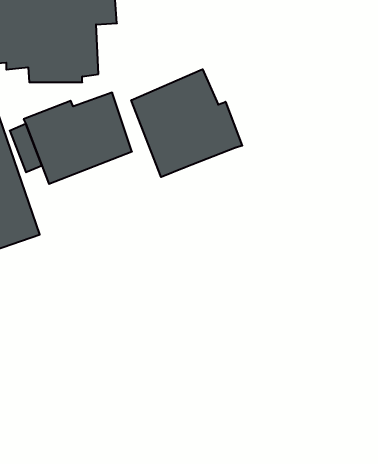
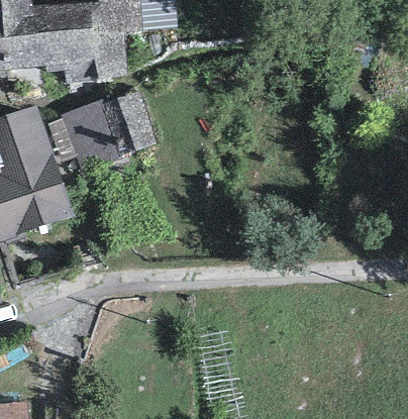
building: [131,69,242,177] -> none

